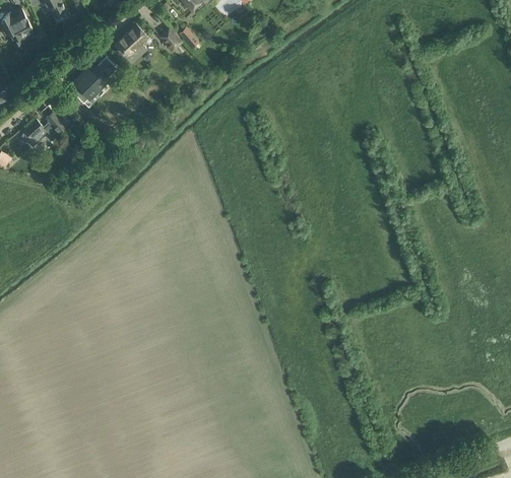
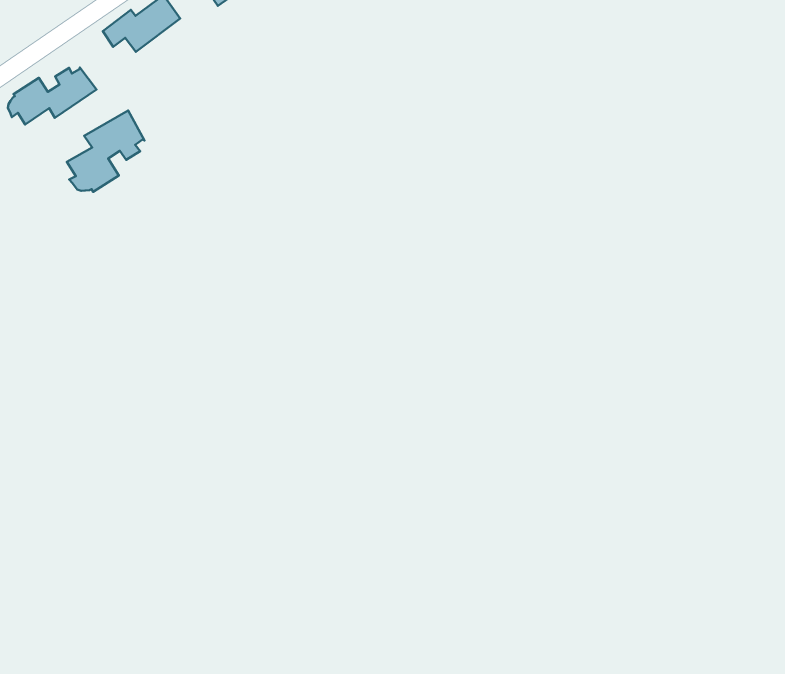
building: none -> [67,110,144,192]

